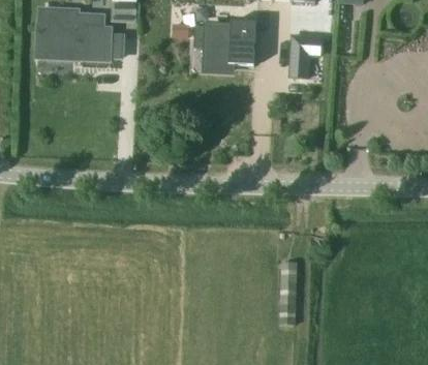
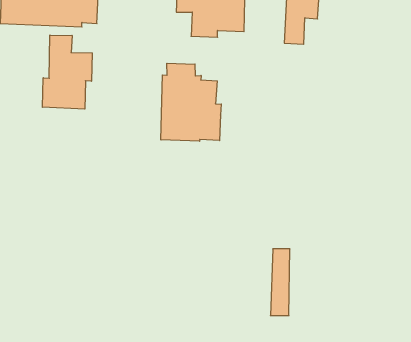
building: none -> [42,35,92,109]
building: none -> [161,63,221,141]

